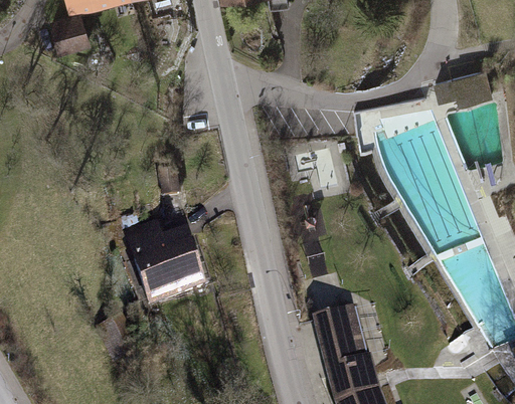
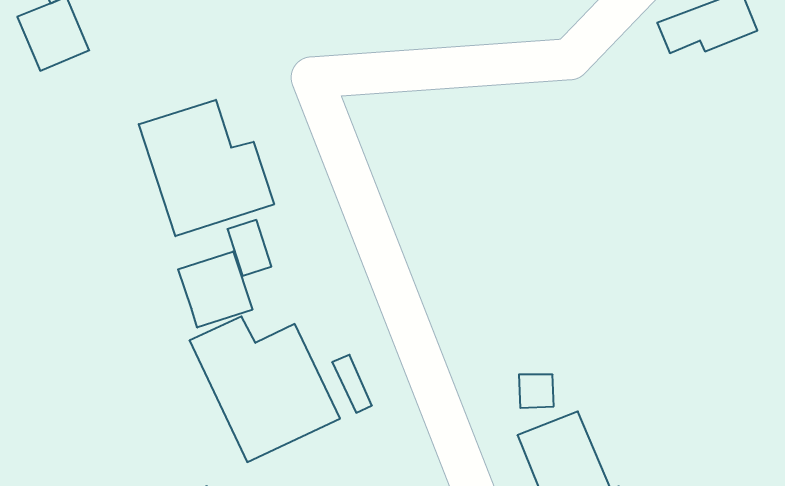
building: none -> [139,100,274,236]
building: none -> [178,251,252,328]

